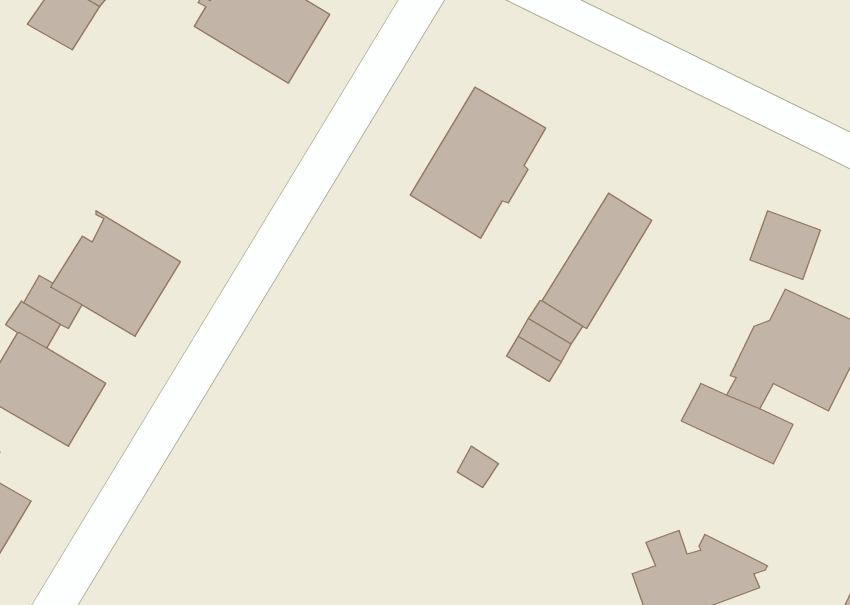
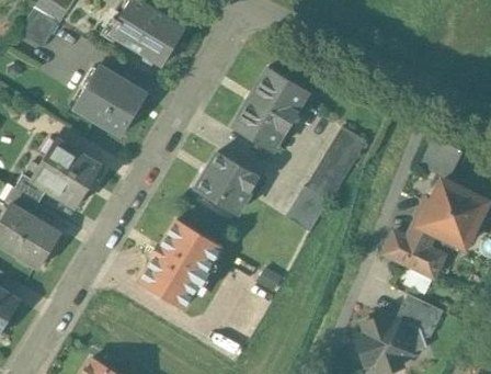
building: none -> [75,65,146,135]
building: none -> [195,152,258,215]
building: none -> [139,222,219,308]
building: none -> [396,294,443,336]

